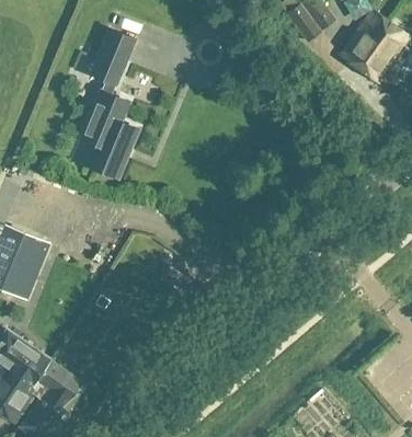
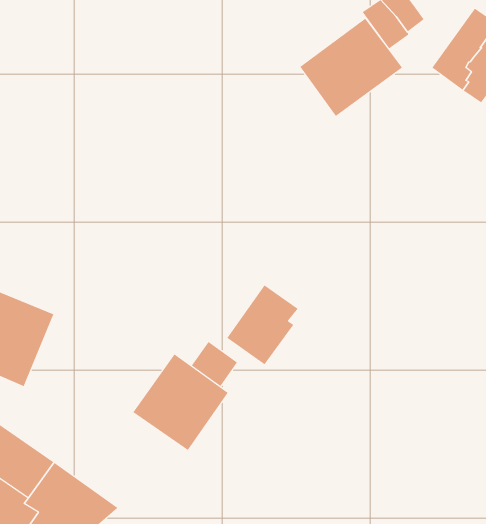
building: none -> [300,18,403,117]
building: [79,26,139,177] -> none
building: none -> [227,284,299,365]
building: none -> [132,354,229,451]

